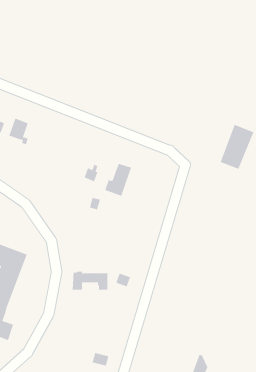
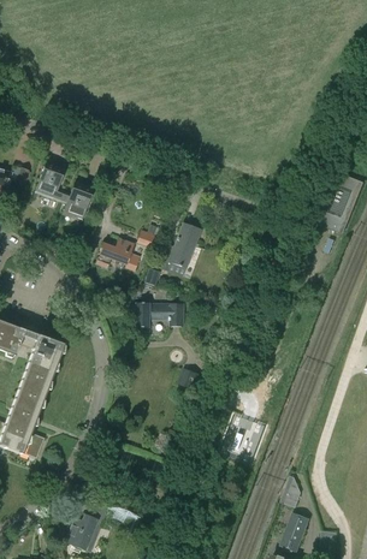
building: none -> [61,183,93,218]
building: none -> [94,238,137,272]
building: [72,271,108,290] -> [135,302,183,327]

